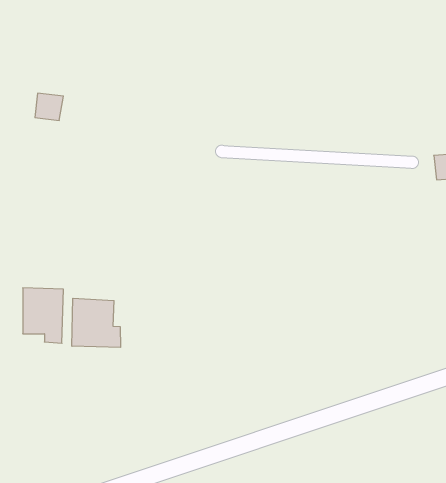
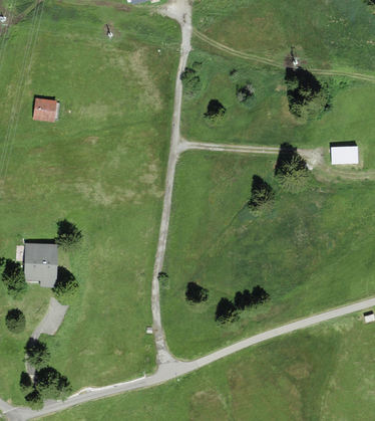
building: [72,298,120,347] -> none

